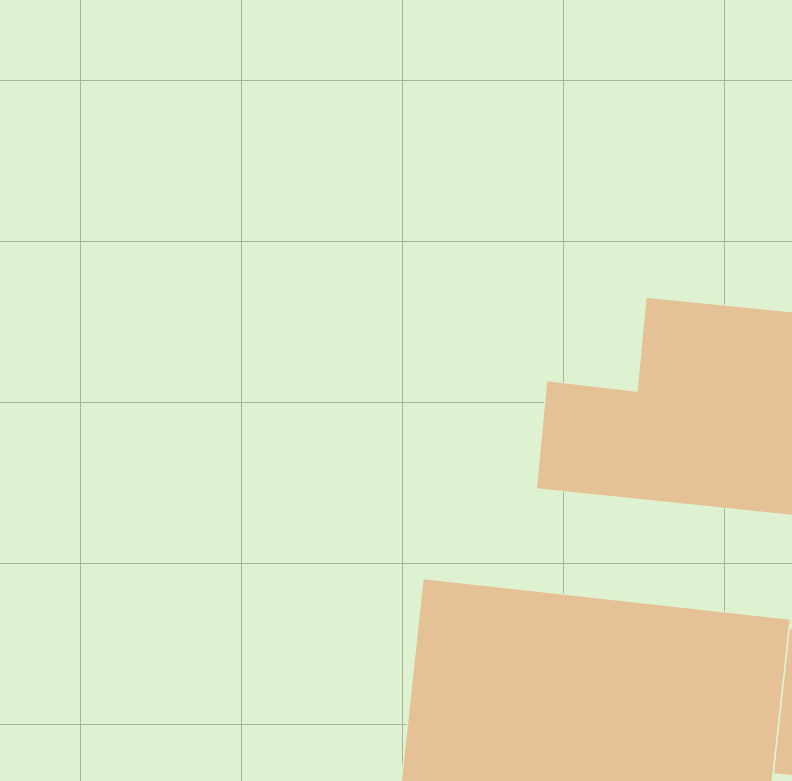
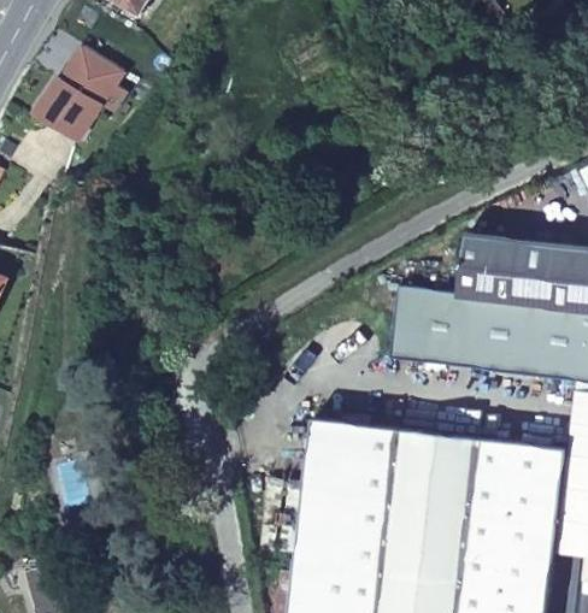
building: none -> [42,37,130,132]

